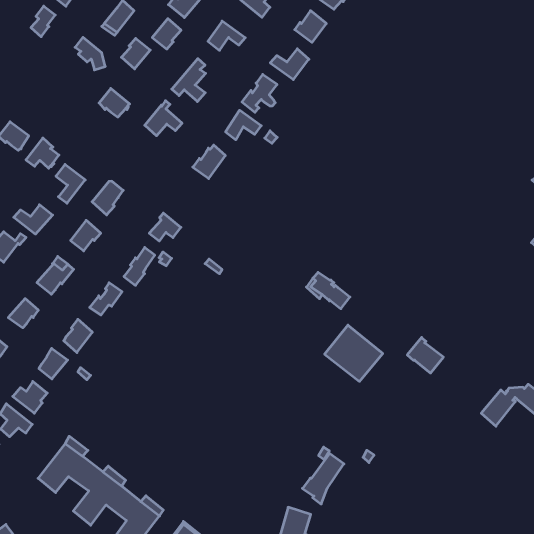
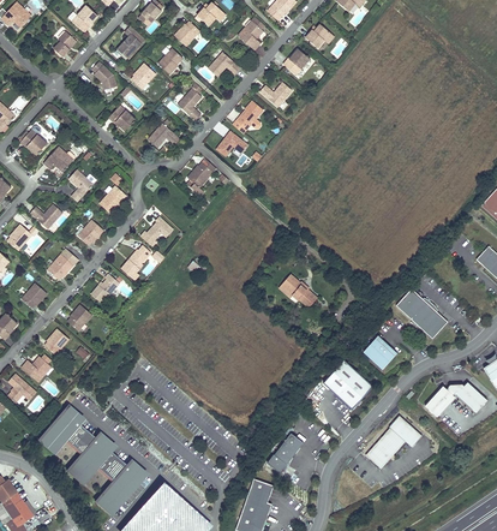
building: none -> [396,288,448,339]
building: [325,325,383,381] -> [323,359,373,408]
building: none -> [366,416,423,470]

